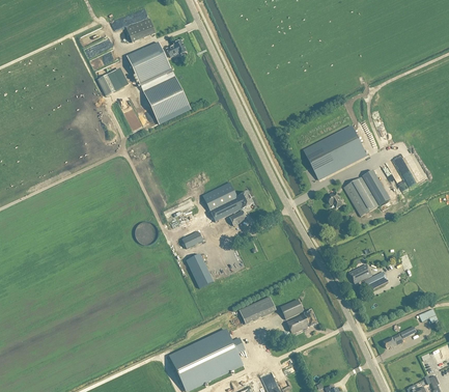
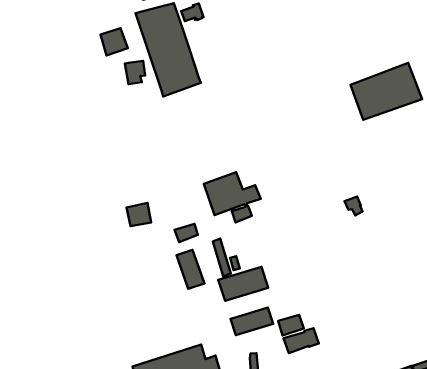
building: [304,124,367,178] -> [350,63,422,120]
building: [343,169,390,216] -> none
building: none -> [218,267,268,301]
building: [349,263,388,289] -> none

